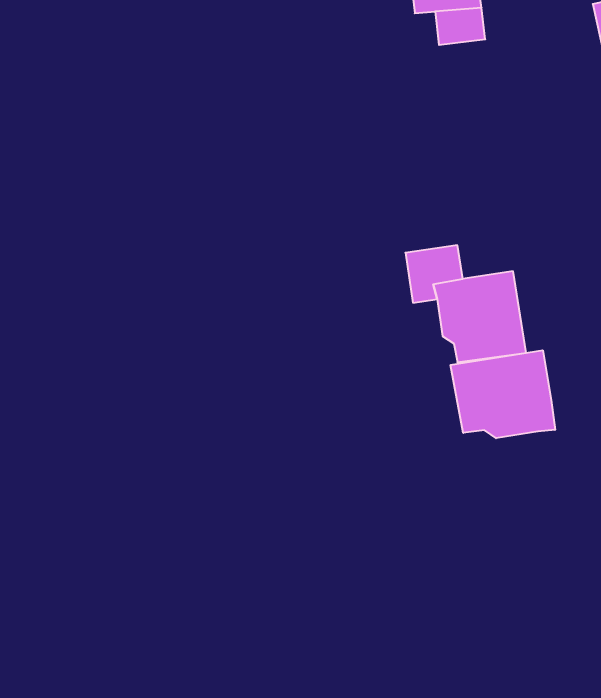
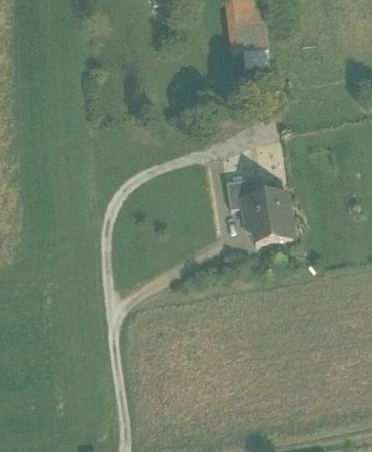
building: [451,350,555,438] -> none

